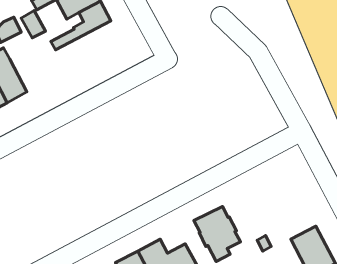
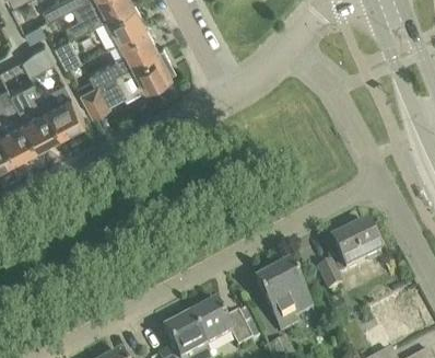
building: none -> [78,50,169,116]
building: none -> [38,83,83,134]
building: none -> [316,228,379,292]

